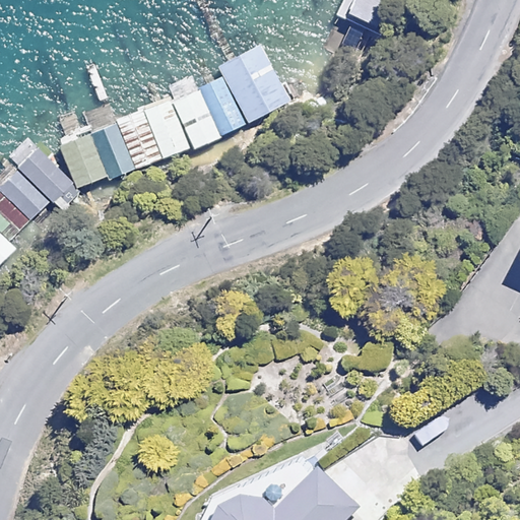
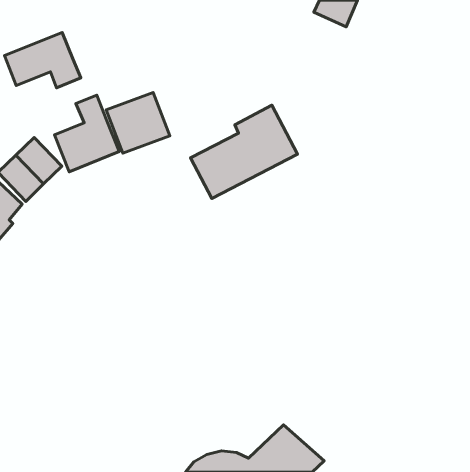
building: none -> [4,33,81,88]
building: [171,47,288,149] -> [191,105,298,199]

